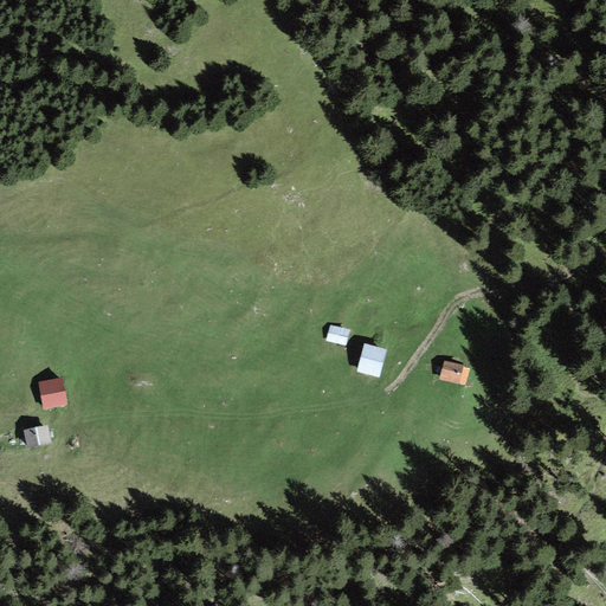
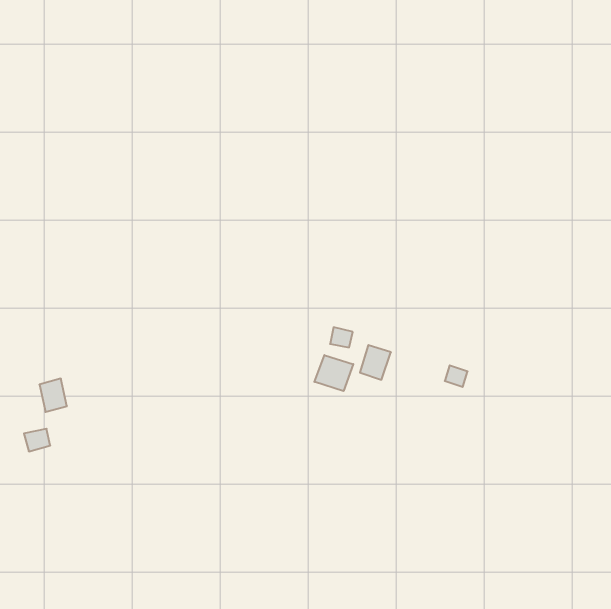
building: none -> [314,355,353,391]

